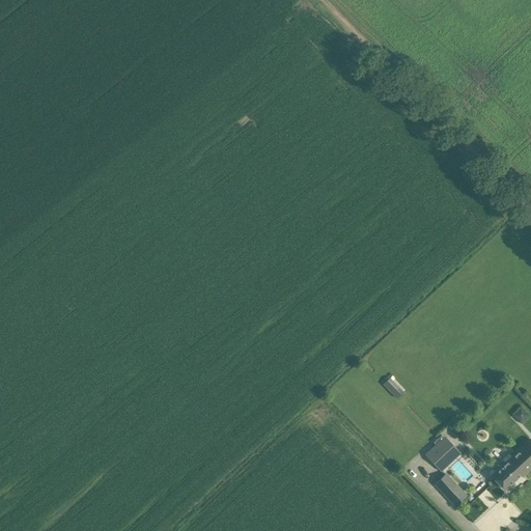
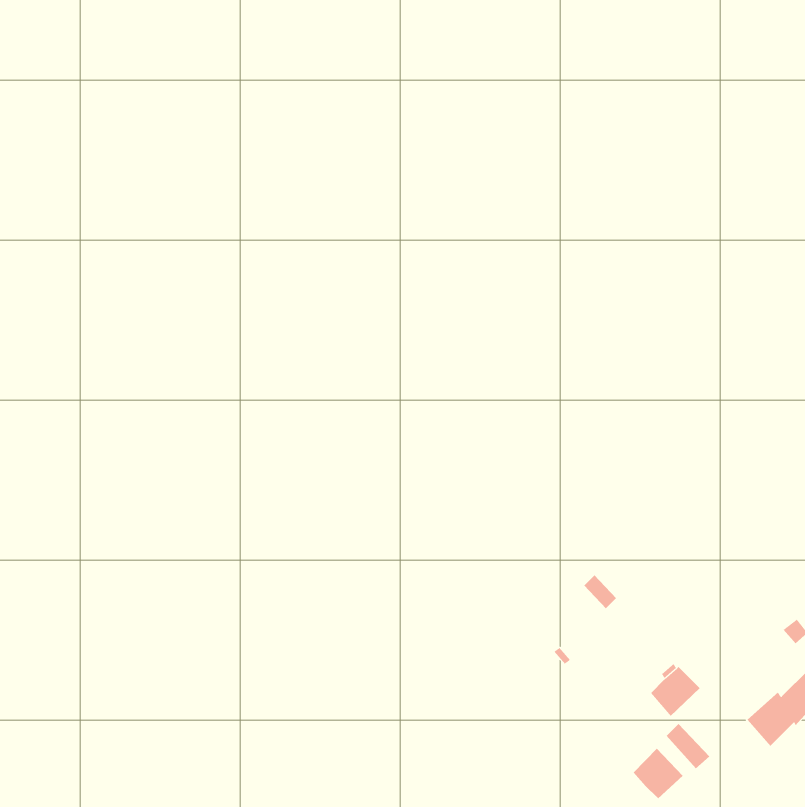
building: none -> [633,748,684,799]

